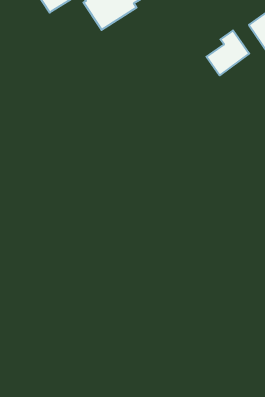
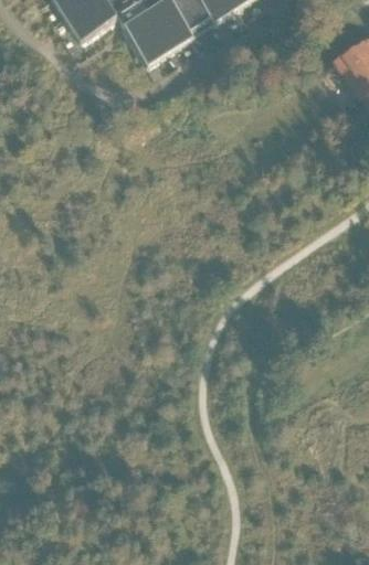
building: [206,30,249,75] -> none

